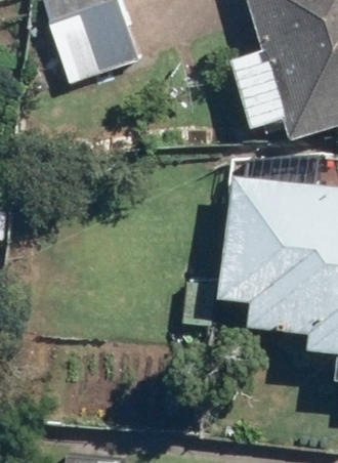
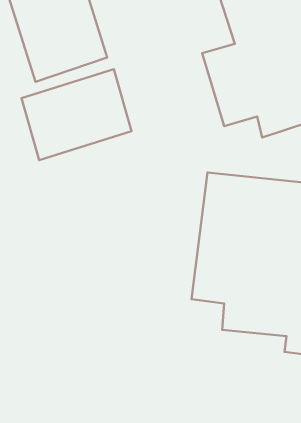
building: none -> [22,69,132,160]

